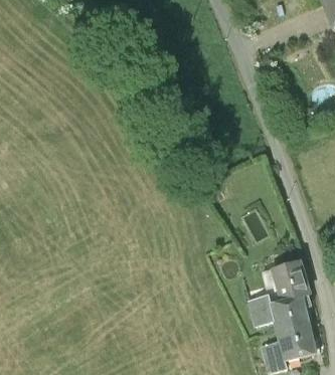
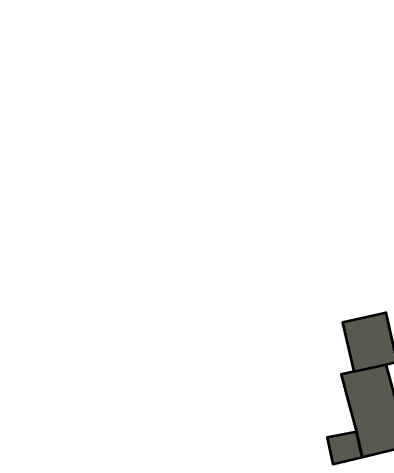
building: [247,294,275,325] -> none

